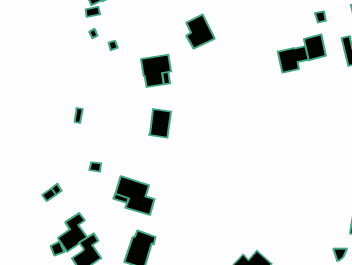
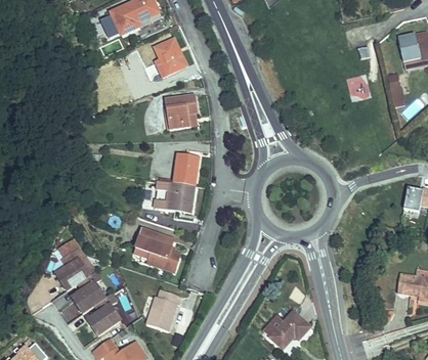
building: [186,15,215,49] -> [155,38,186,76]
building: [278,46,308,73] -> none
building: none -> [154,180,194,212]
building: none -> [56,246,95,289]

